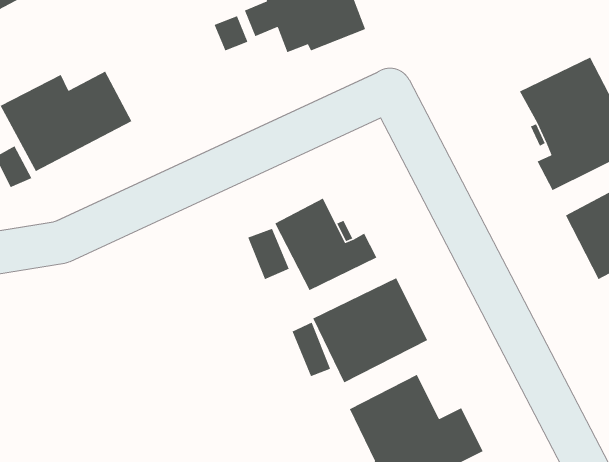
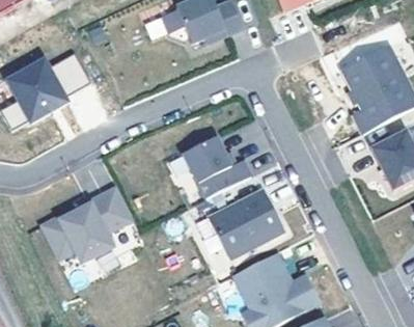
building: none -> [40,190,133,270]

